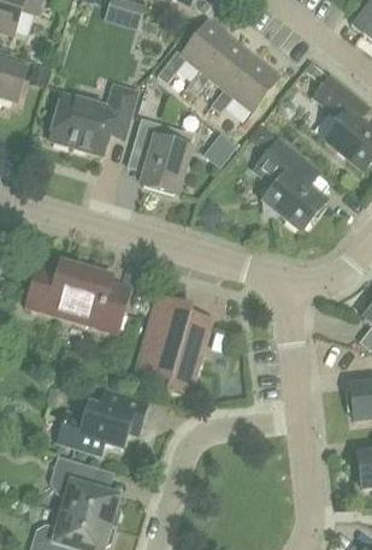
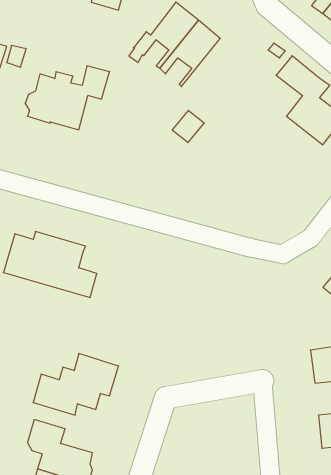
building: [213,57,279,112] -> none
building: [134,119,193,193] -> none
building: [254,138,325,229] -> none
building: [136,294,211,394] -> none

